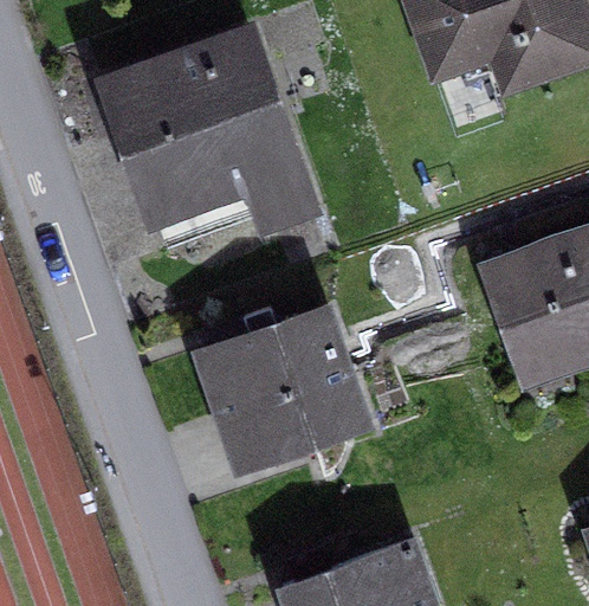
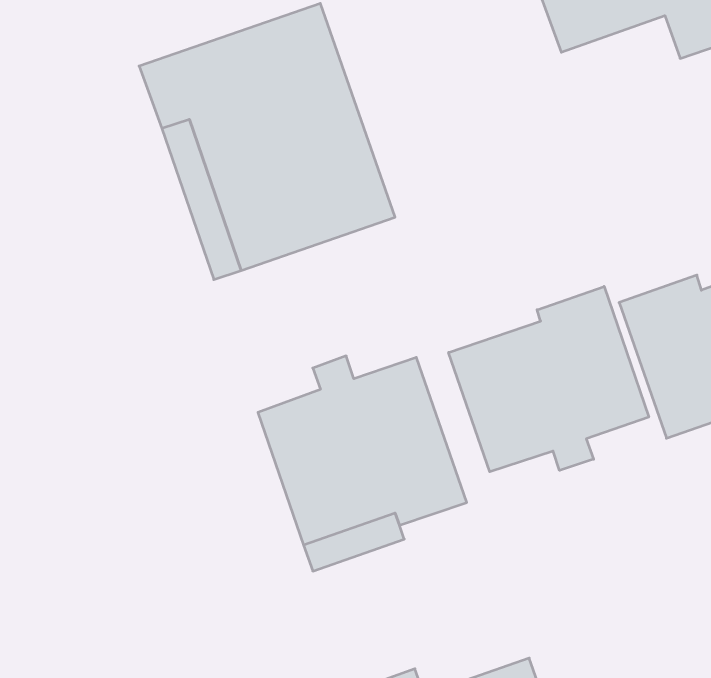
building: none -> [449,286,649,472]

